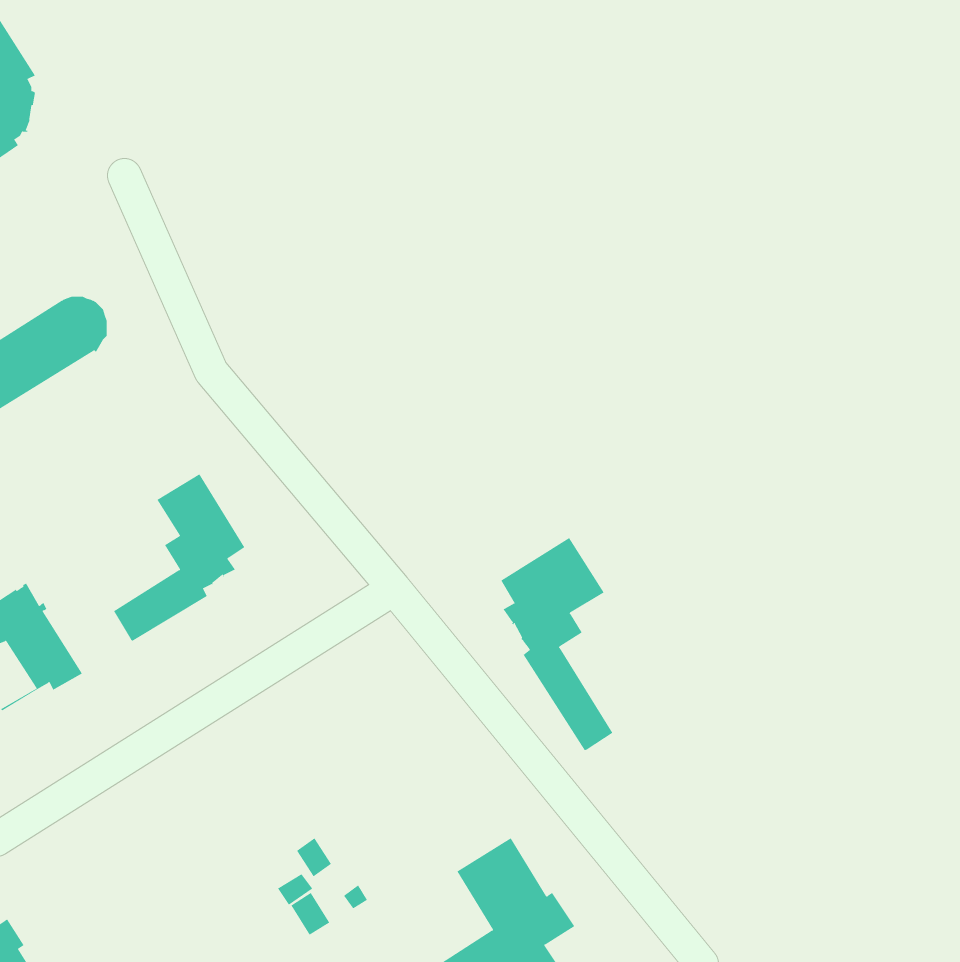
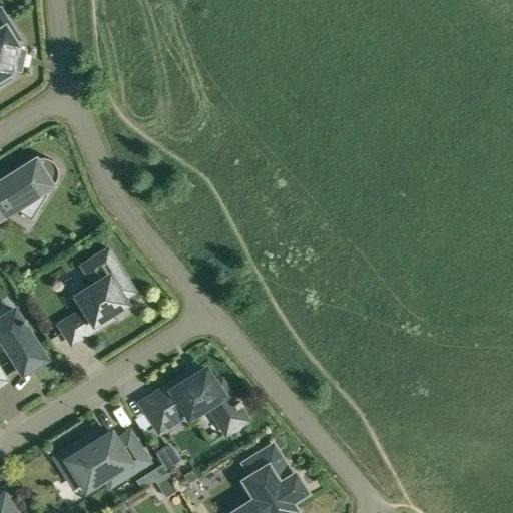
building: [500,537,613,751] -> none
building: none -> [145,368,244,434]
building: none -> [54,433,146,487]

